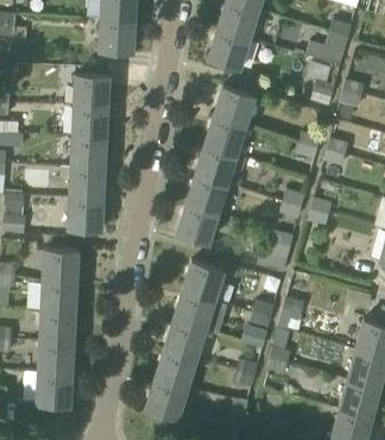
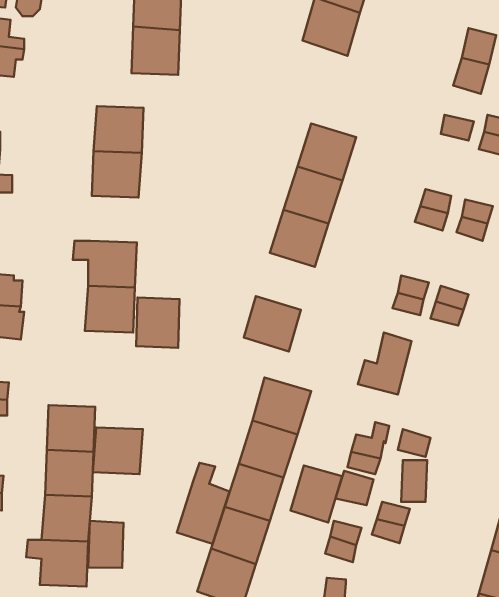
building: [209,29,250,68] -> none
building: [72,136,106,168] -> none
building: [187,175,227,214] -> none
building: none -> [136,298,180,348]
building: [44,249,78,281] -> [93,427,143,474]
building: none -> [177,463,229,544]
building: none -> [291,466,342,523]
building: none -> [88,521,124,568]

